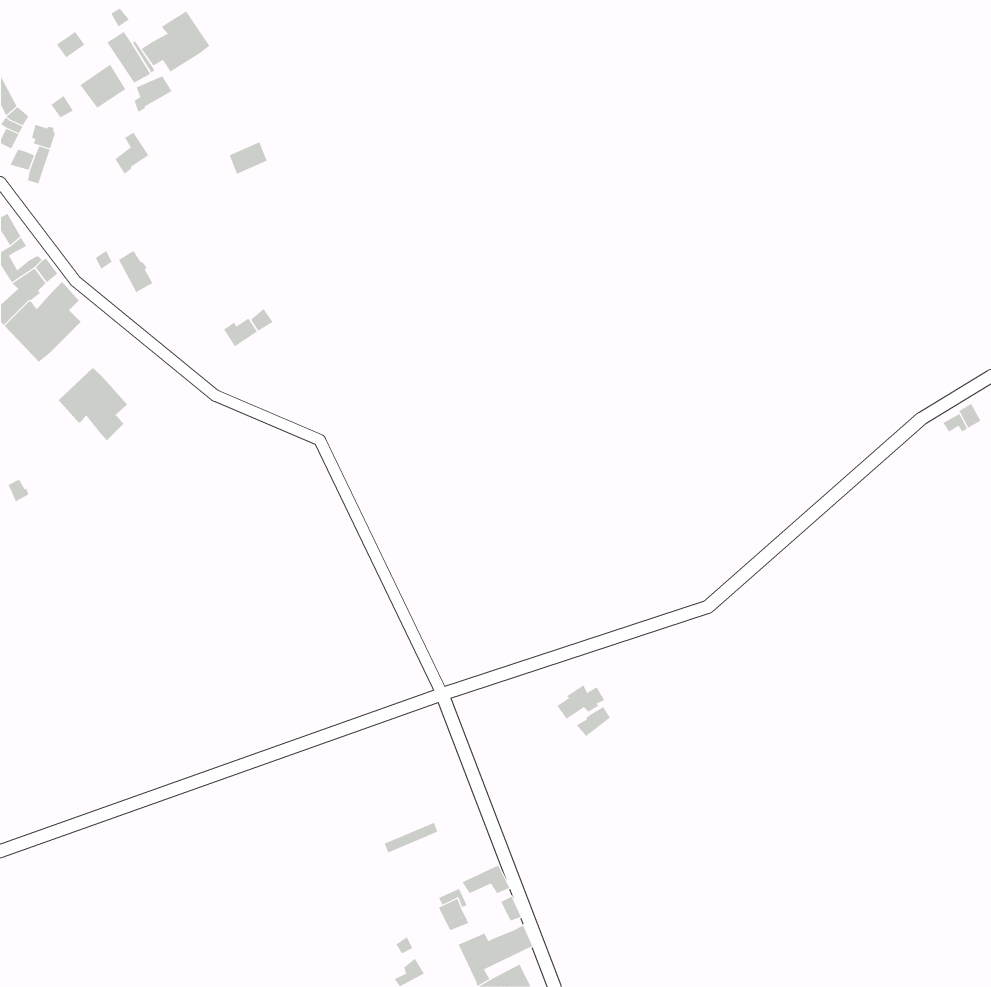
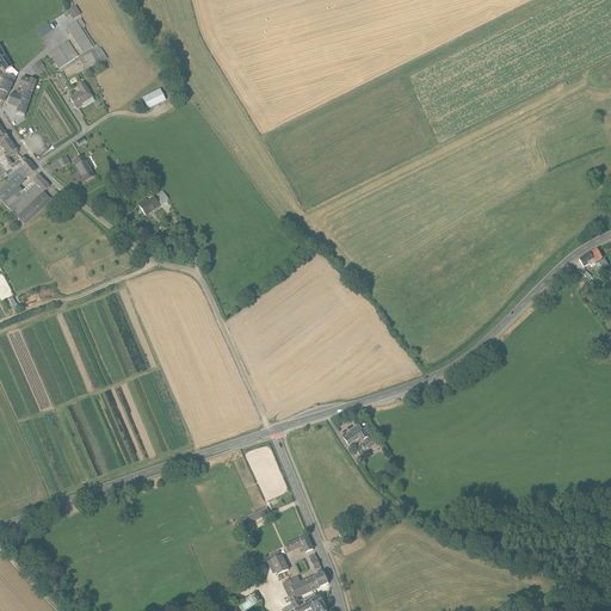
building: [141,11,210,72] -> none
building: [58,367,128,441] -> none

